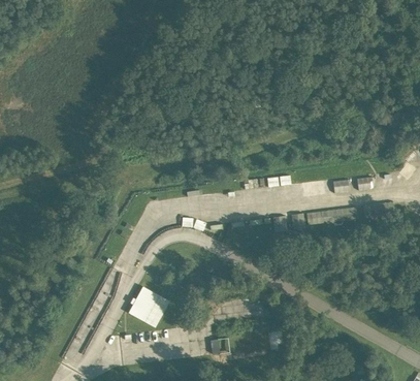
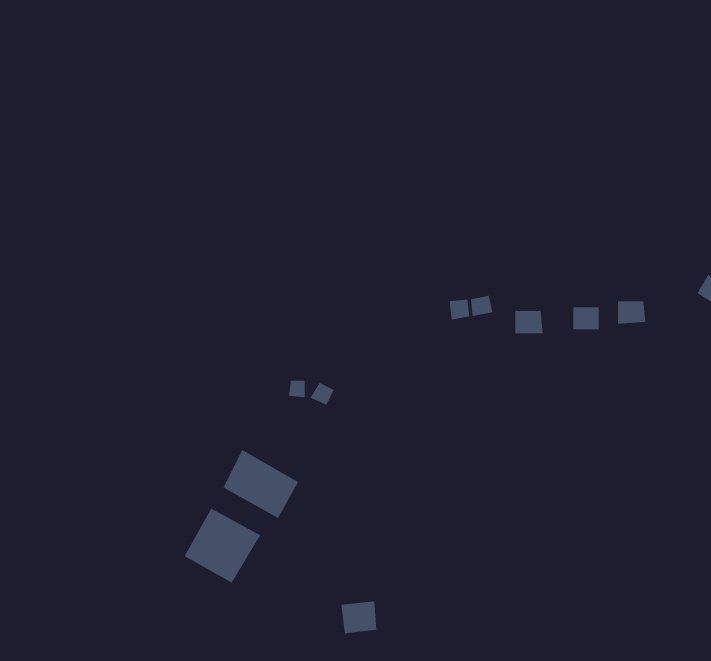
building: none -> [223,449,299,519]

